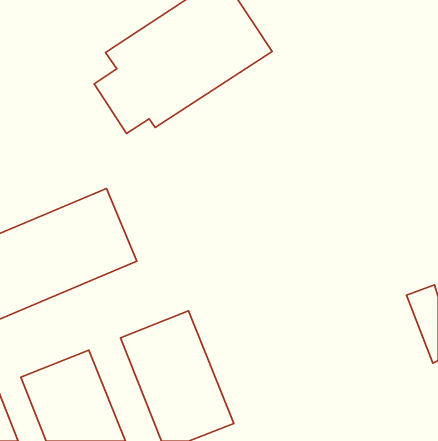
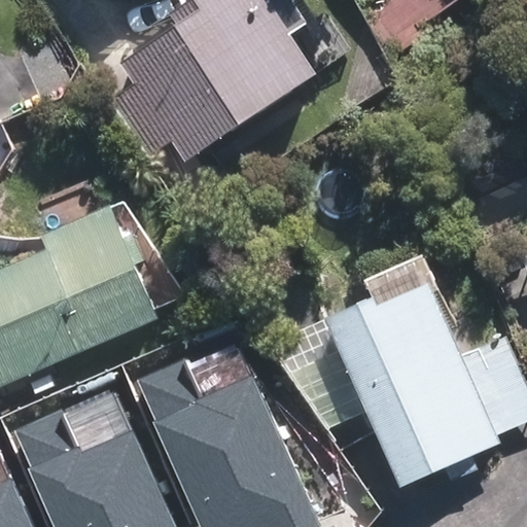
building: none -> [343,270,510,482]

